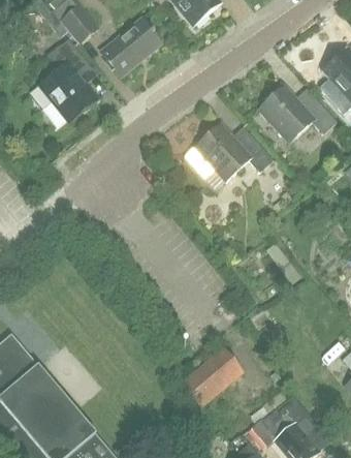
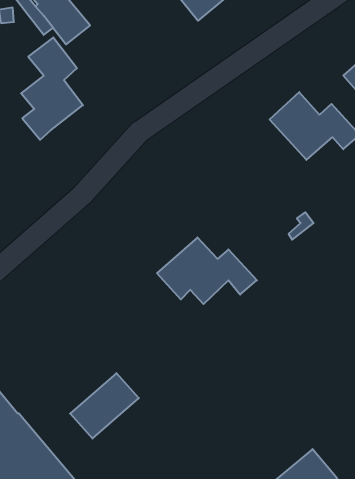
building: [100,18,160,74] -> none
building: [185,123,272,181] -> [157,237,257,304]
building: [184,349,244,406] -> [70,373,139,439]

